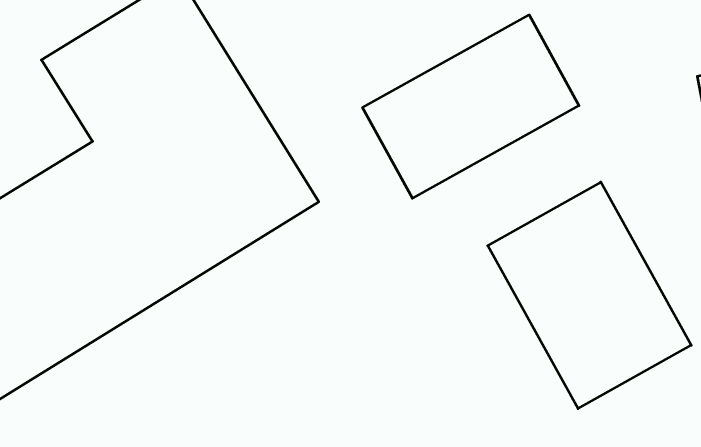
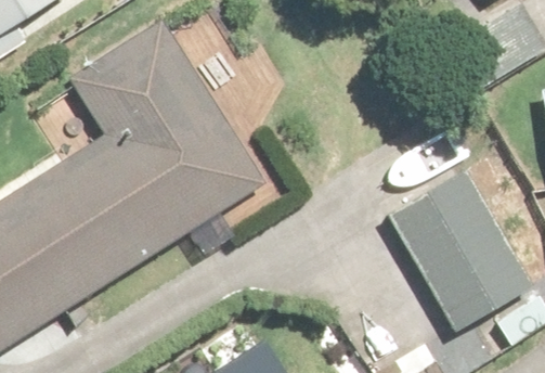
building: [363,15,579,198] -> none

